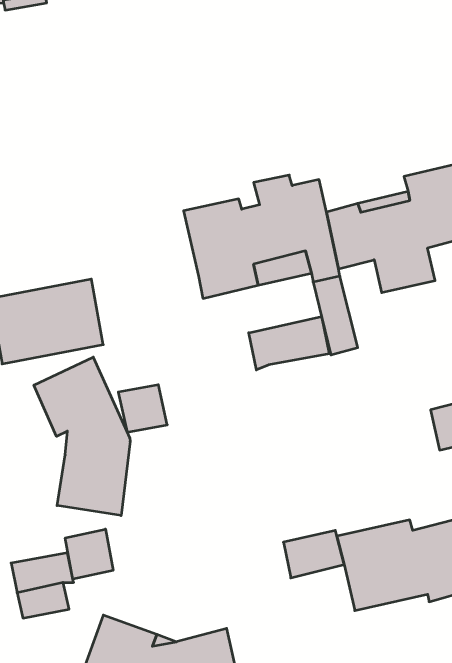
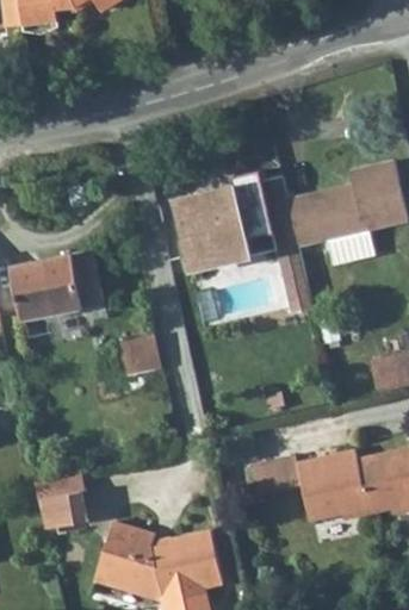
building: [249,317,329,370] -> none
building: [34,357,130,516] -> none
building: [65,529,113,579] -> none

